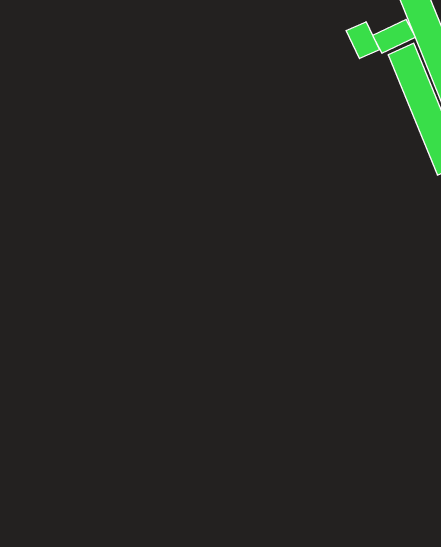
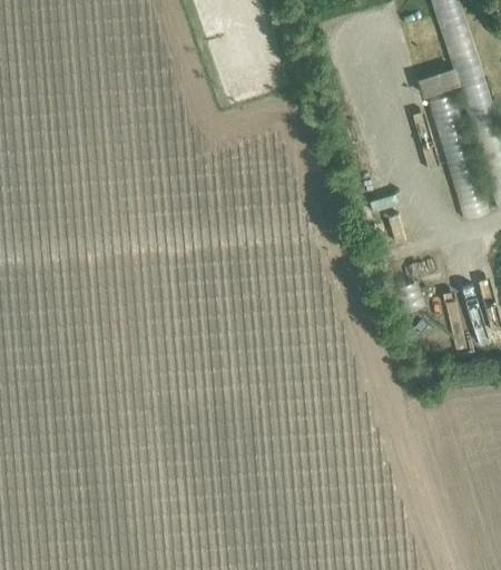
building: [346,22,379,59] -> none

